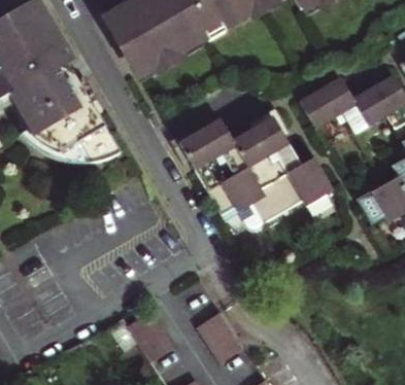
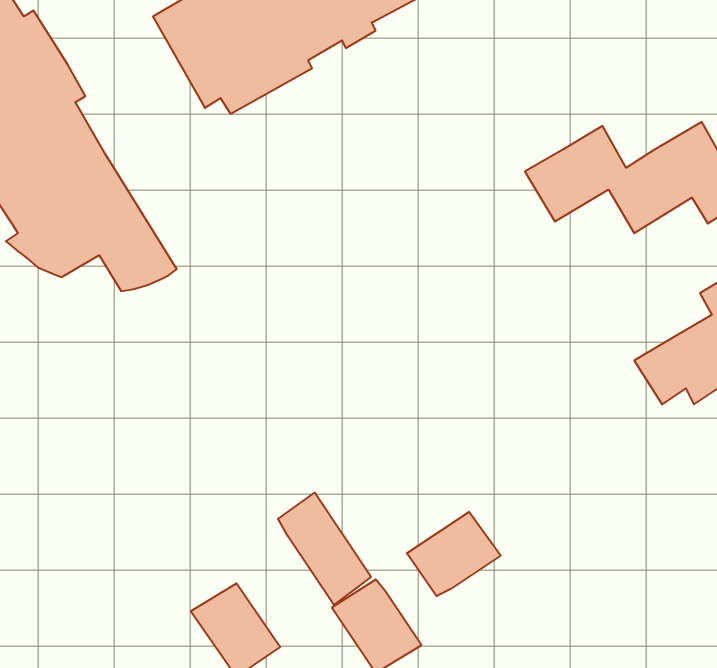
building: [176,115,330,224] -> none
building: none -> [278,493,371,605]
building: none -> [407,512,501,596]

